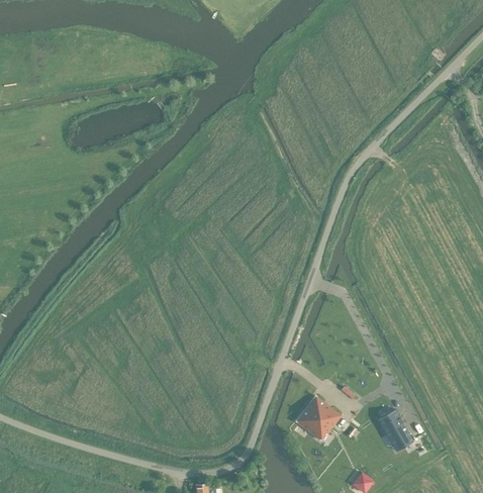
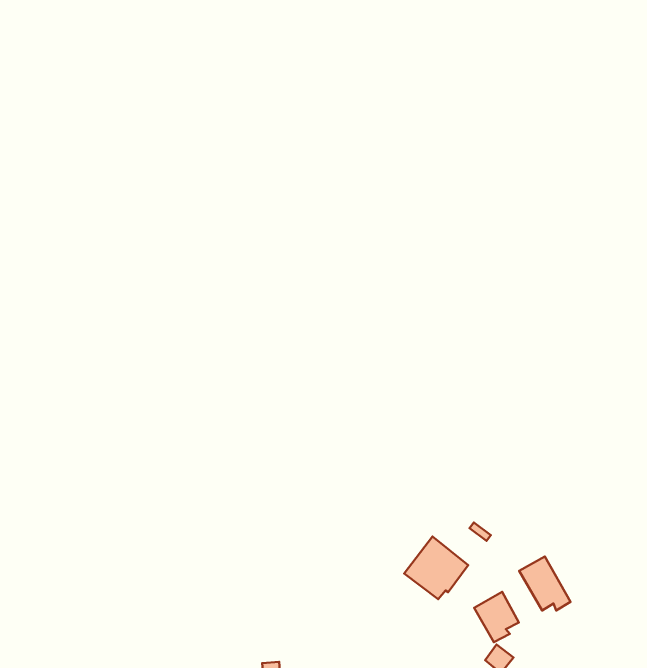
building: none -> [474,592,519,642]

